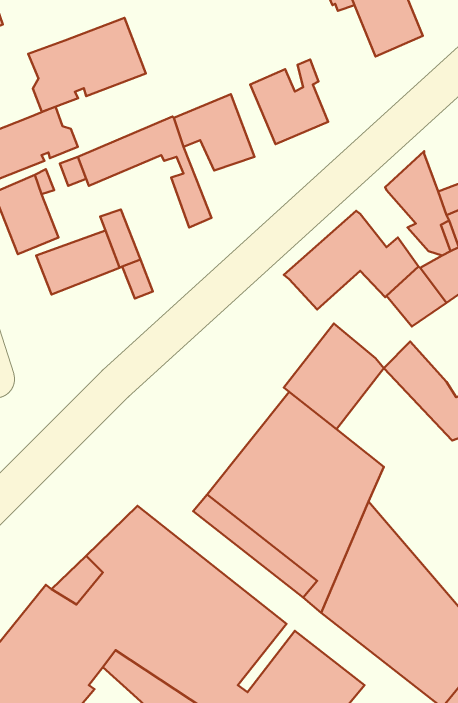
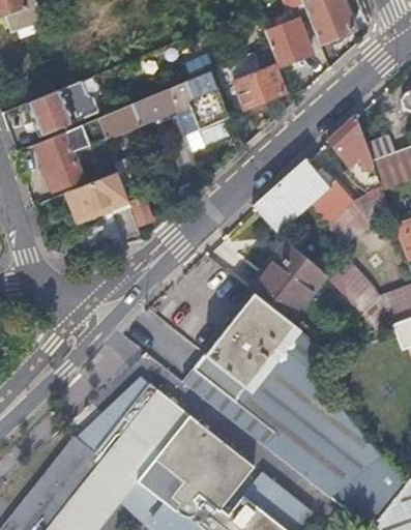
building: [28,18,146,112] -> none
building: none -> [264,19,311,65]

